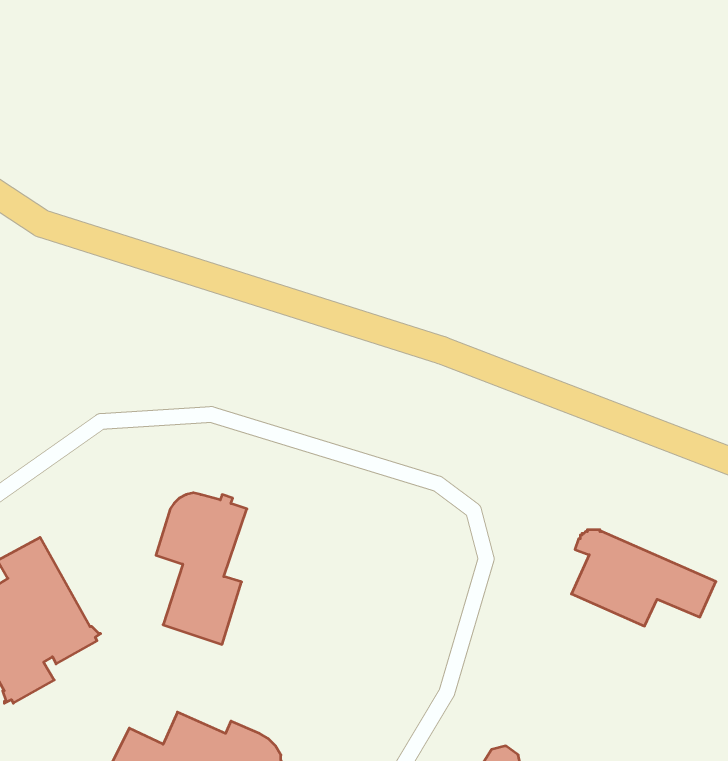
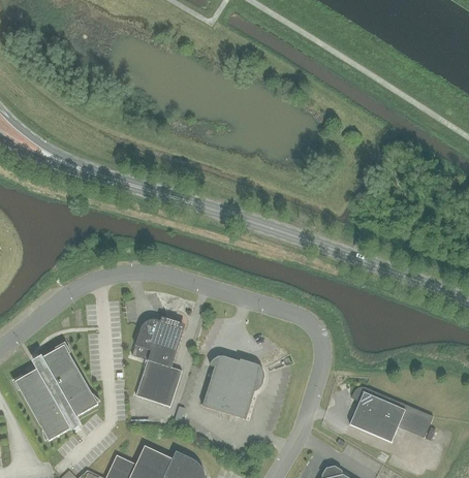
building: [571,530,716,626] -> [348,387,432,443]
building: none -> [201,356,263,420]

